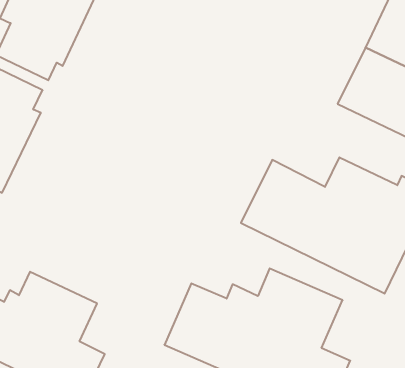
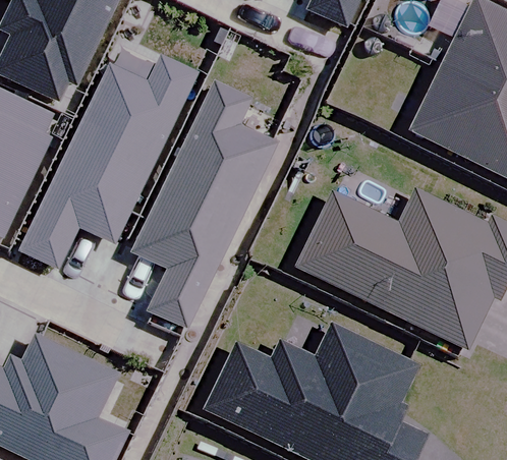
building: none -> [23,52,198,264]
building: none -> [134,78,277,325]

